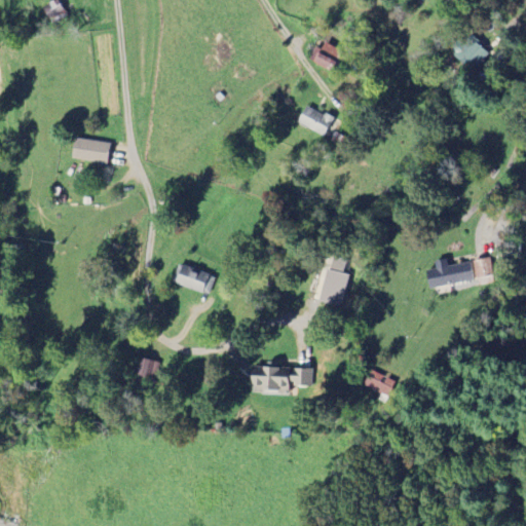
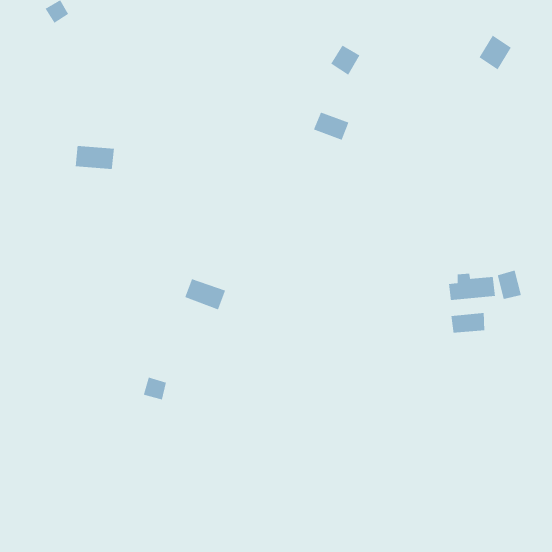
building: [321,257,349,305] -> none
building: none -> [451,312,485,334]
building: [251,365,311,391] -> none
building: [364,370,397,398] -> none

